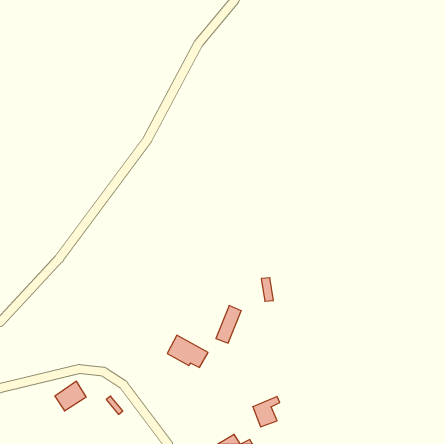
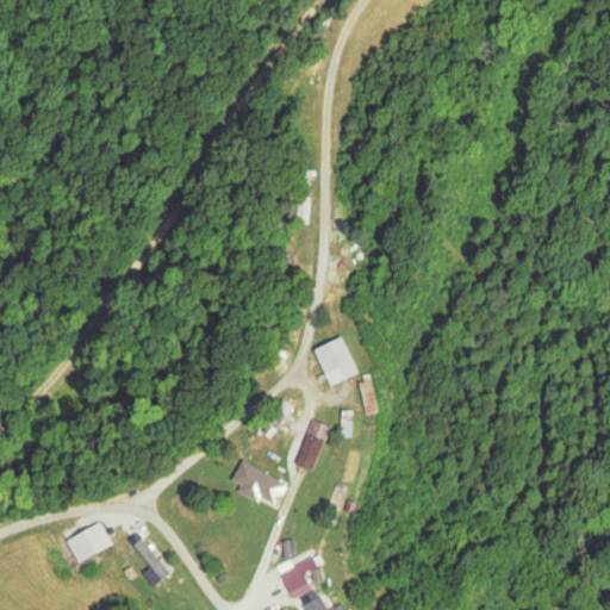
building: none -> [312,335,355,384]
building: [253,396,280,427] -> [280,558,317,599]

